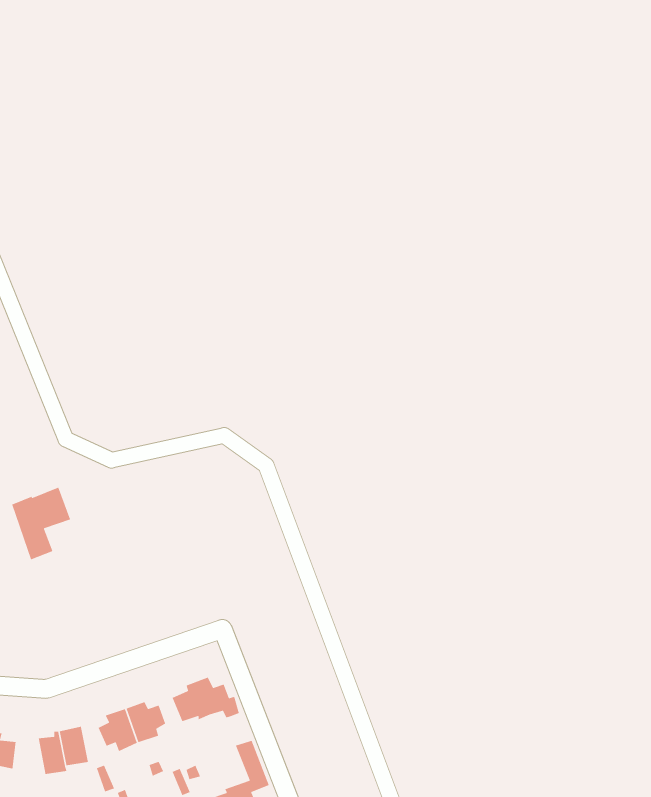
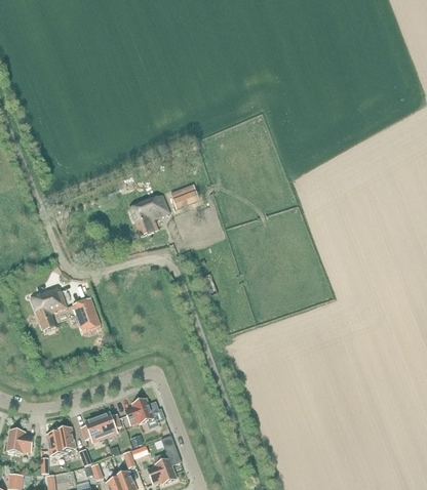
building: none -> [169,183,198,208]
building: none -> [128,195,168,236]
building: none -> [72,297,100,331]

